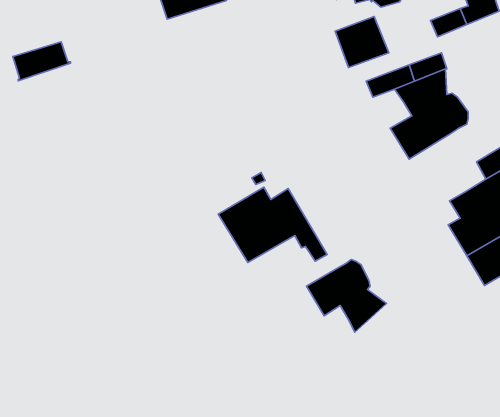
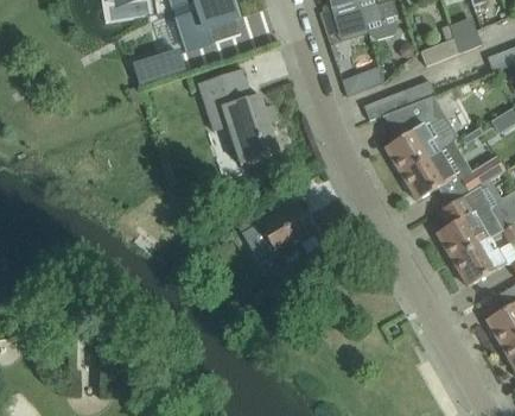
building: [13,42,70,81] -> [134,50,185,84]
building: none -> [198,75,279,164]
building: none -> [401,151,453,200]
building: [307,260,386,332] -> none

